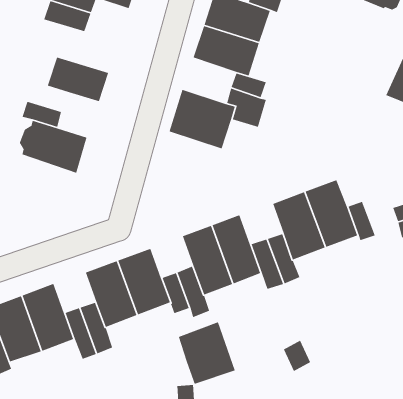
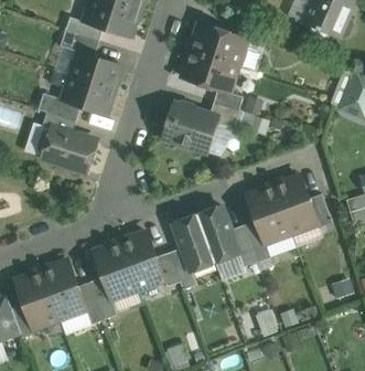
building: none -> [69,52,120,89]
building: none -> [36,93,79,121]
building: [178,321,236,385] -> none

